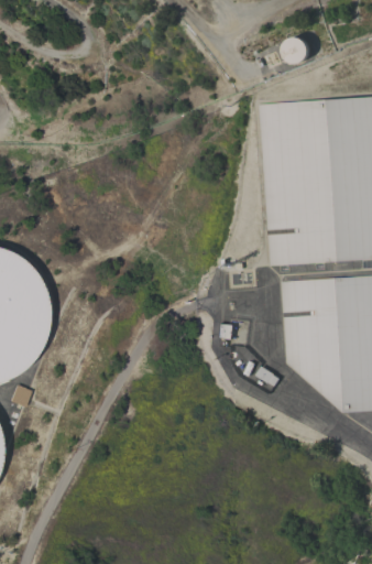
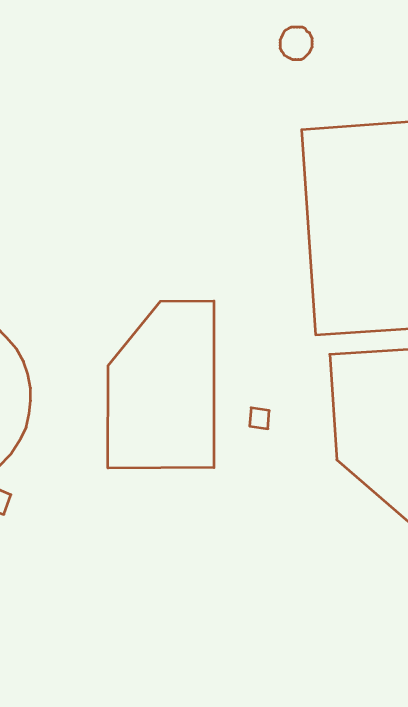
building: [285,37,310,63] -> [280,27,312,59]
building: none -> [108,301,214,468]

